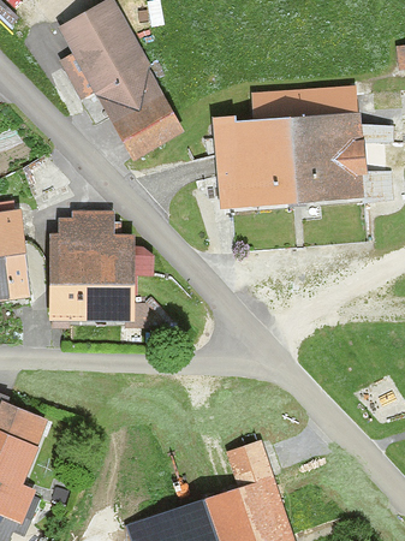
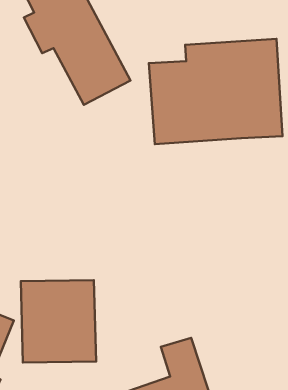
building: [49,231,138,328] -> [21,280,96,362]

